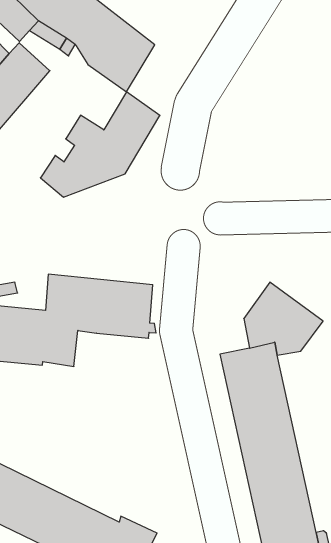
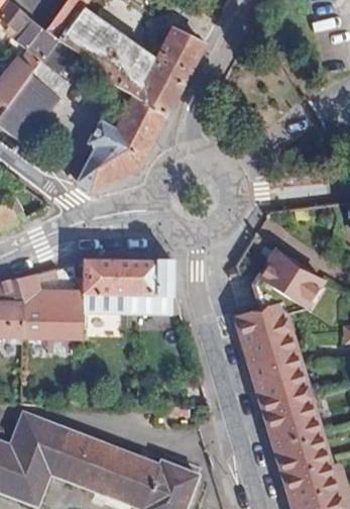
building: none -> [138,27,204,114]

